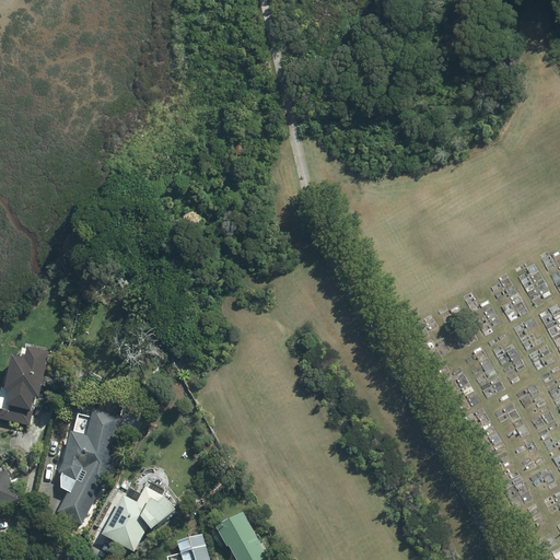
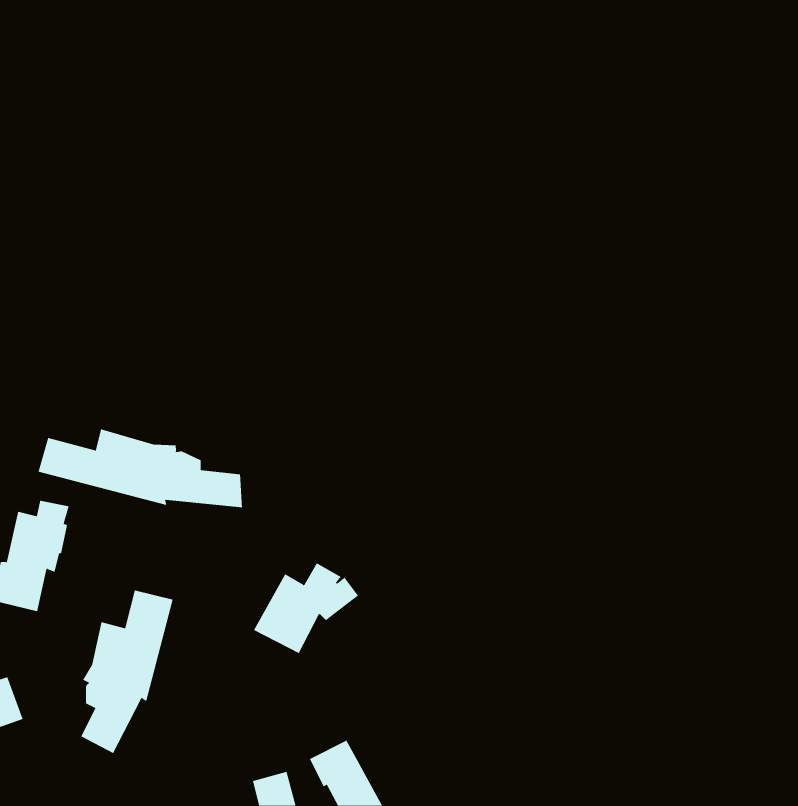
building: none -> [38,428,243,508]
building: [101,487,174,550] -> [253,562,359,654]

